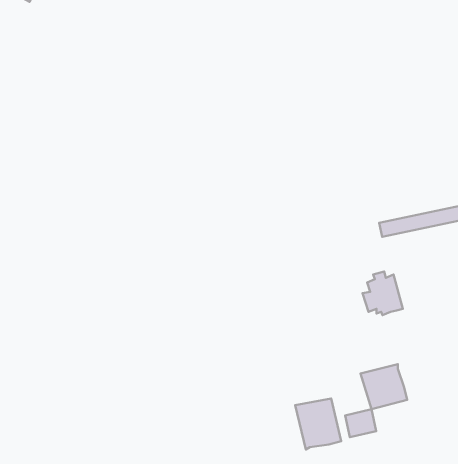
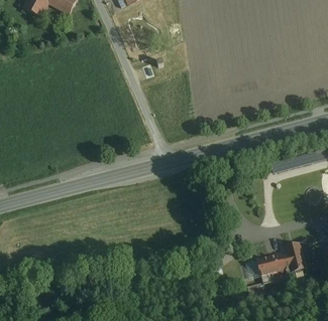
building: [362,271,403,315] -> [280,240,306,269]
building: [295,398,341,450] -> none

